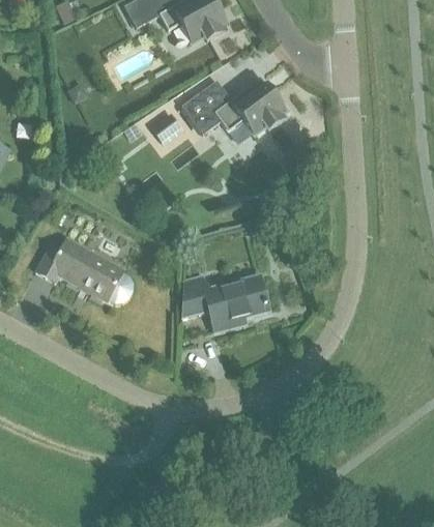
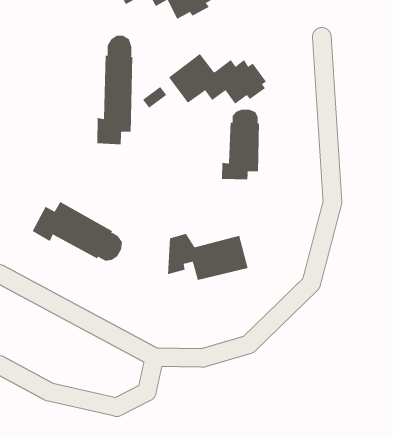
building: none -> [97,35,133,145]
building: none -> [222,109,259,180]

